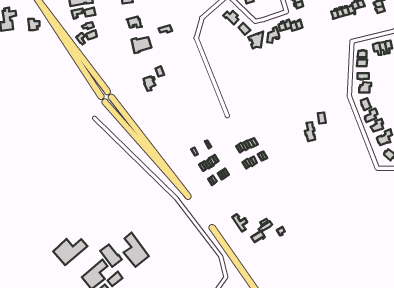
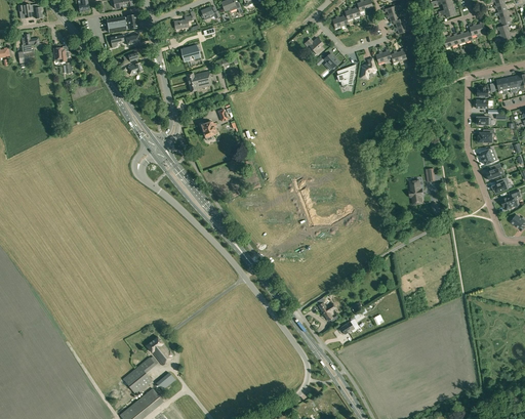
building: [124,233,149,267] -> none
building: [53,239,88,265] -> none

